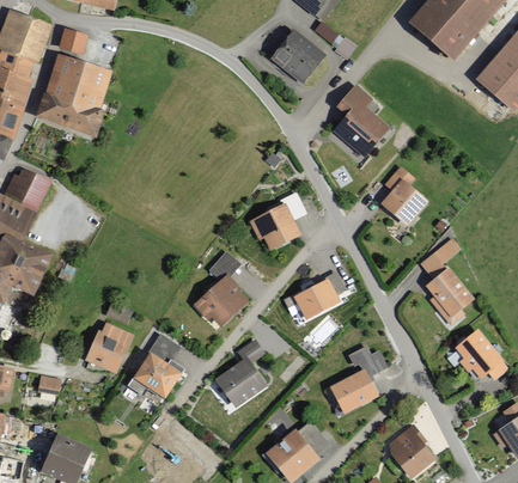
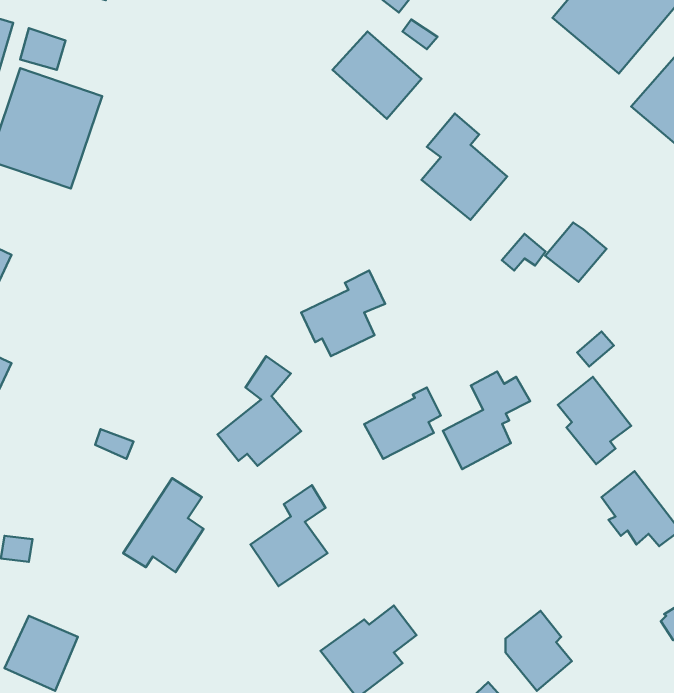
building: [382,184,423,225] -> [545,223,606,282]
building: [89,320,134,367] -> none
building: [328,348,388,415] -> [443,372,530,469]

